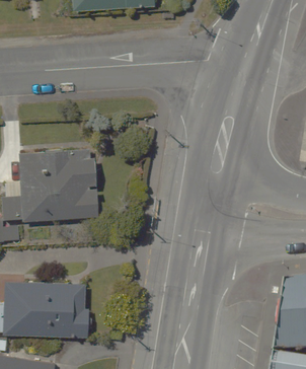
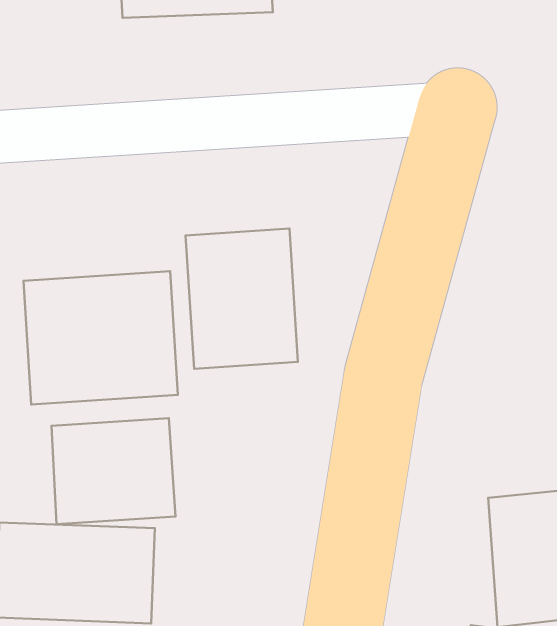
building: none -> [185,229,298,369]
building: none -> [51,418,176,524]

